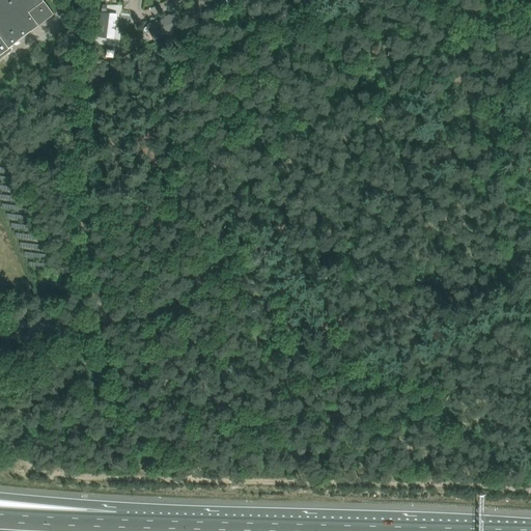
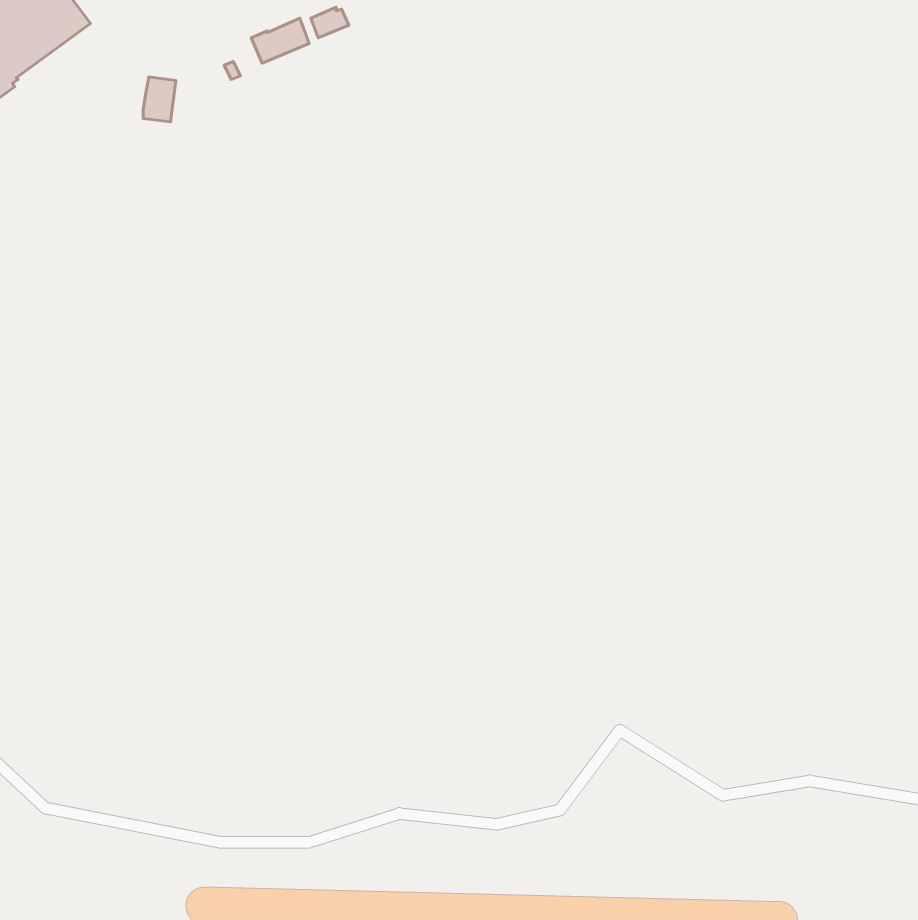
building: [95,10,114,36] -> [143,77,176,122]

